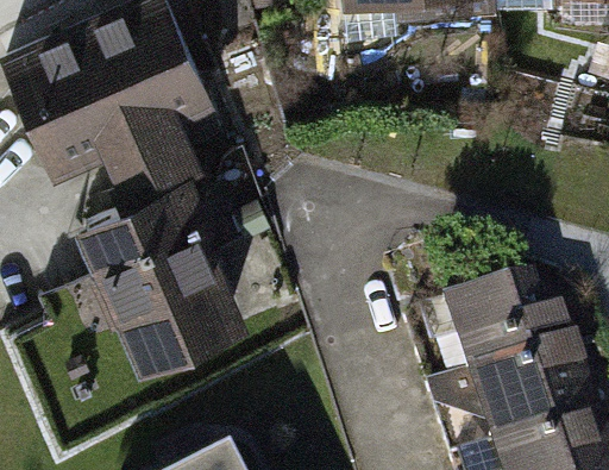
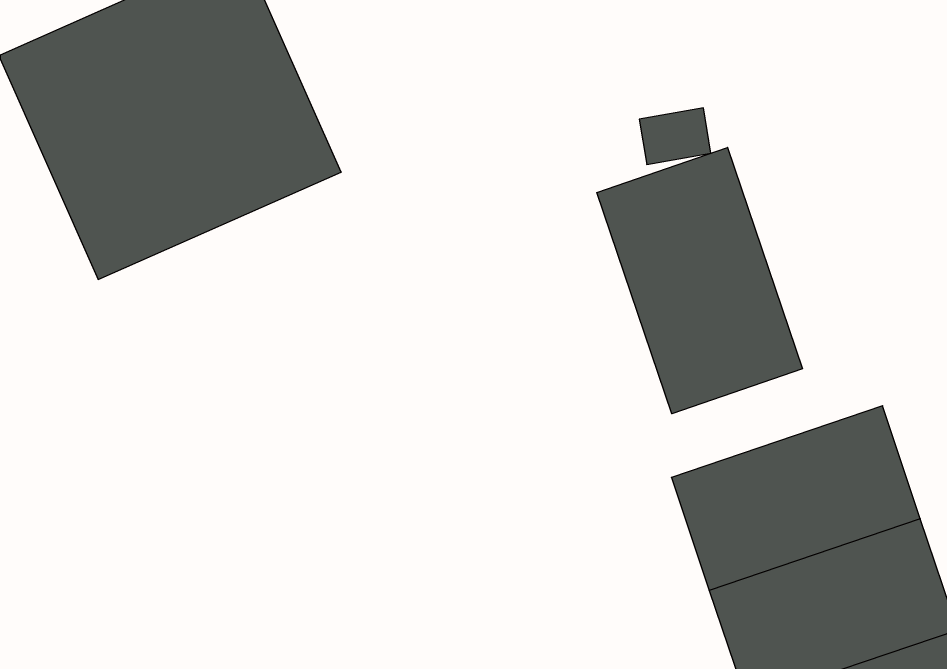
building: none -> [597,147,803,414]
building: [73,187,246,378] -> none

